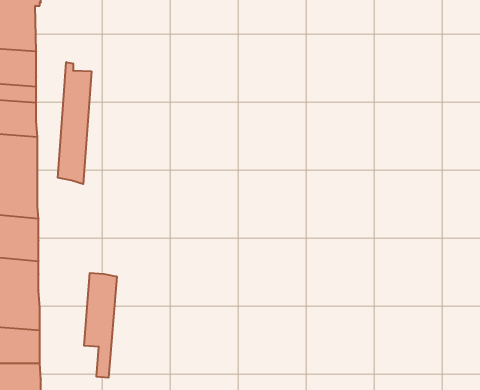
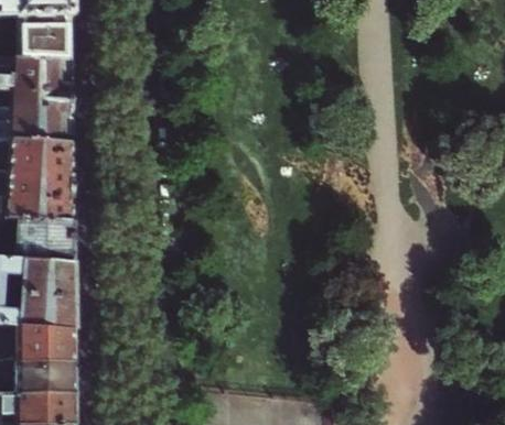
building: [58,62,91,184] -> none
building: [84,273,117,378] -> none

